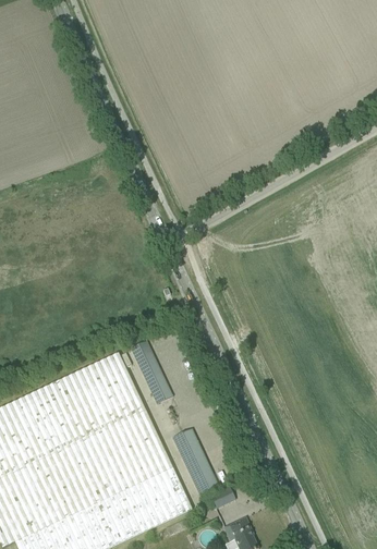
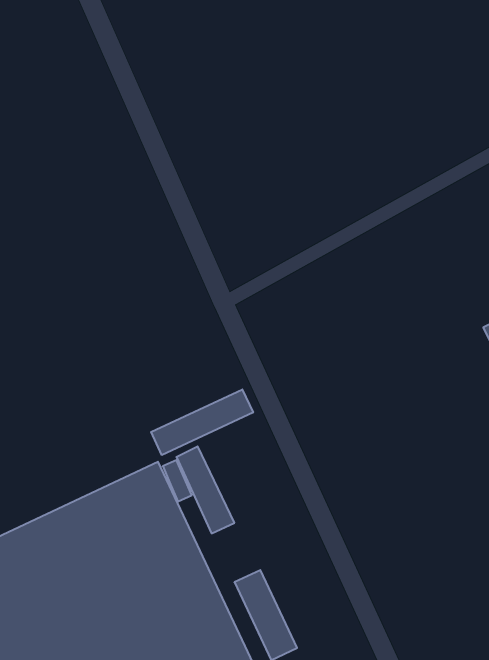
building: none -> [151,389,253,455]

